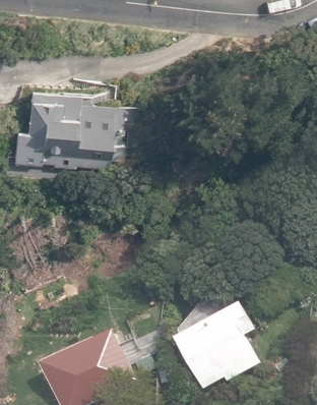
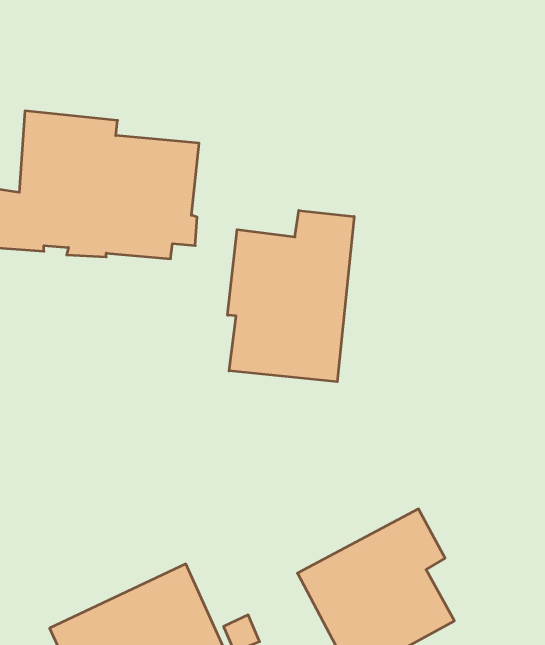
building: none -> [228,210,354,382]

